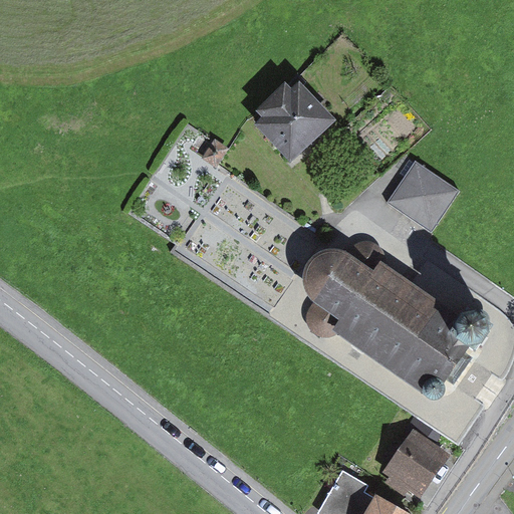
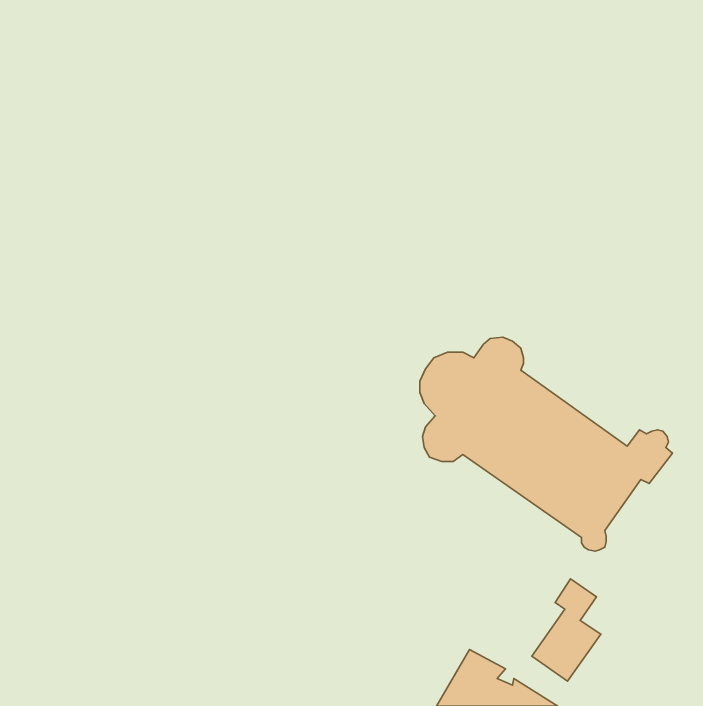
building: [253,79,334,162] -> none
building: [386,162,458,232] -> none

